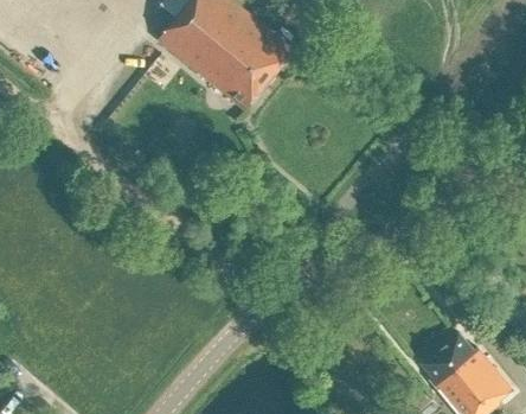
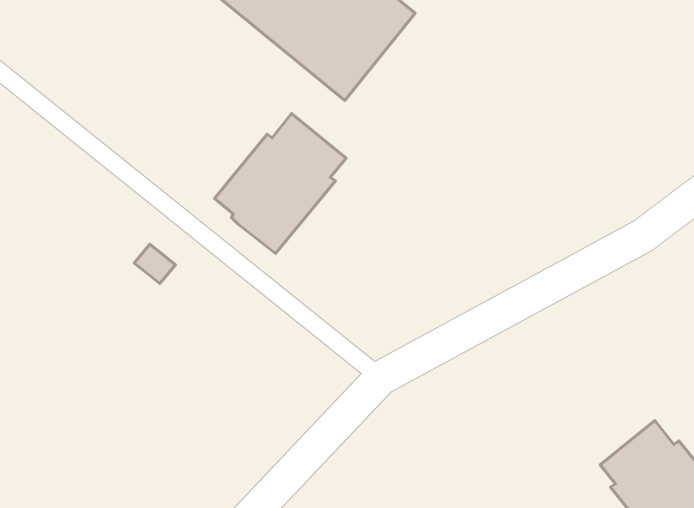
building: none -> [214,113,346,254]

